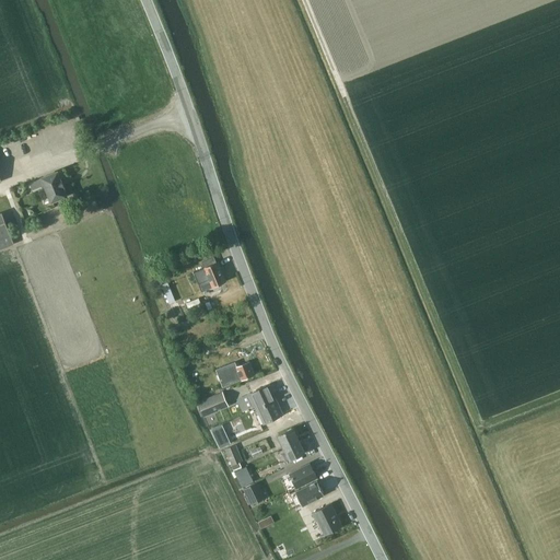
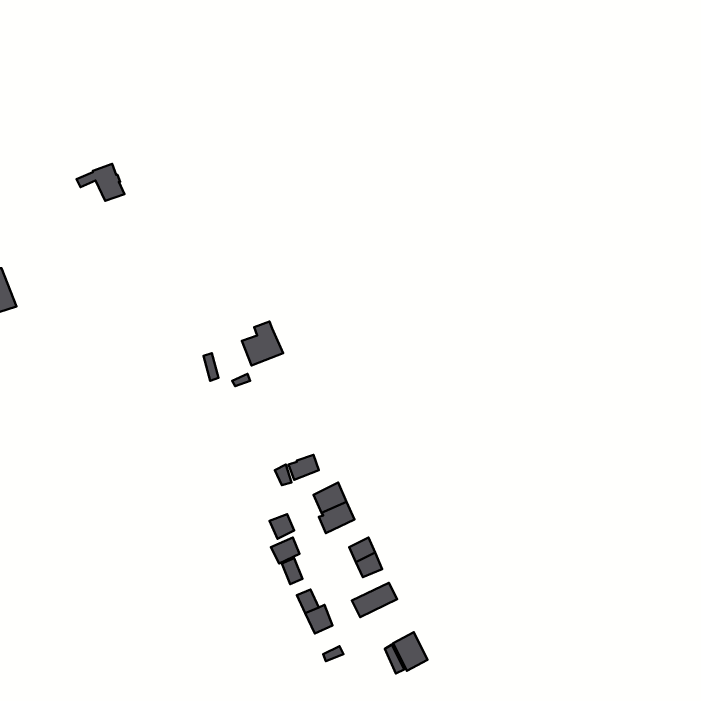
building: [28,173,67,202] -> [76,164,124,201]
building: [197,392,229,418] -> none
building: [290,480,324,508] -> none

